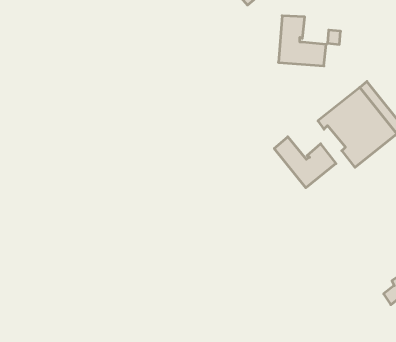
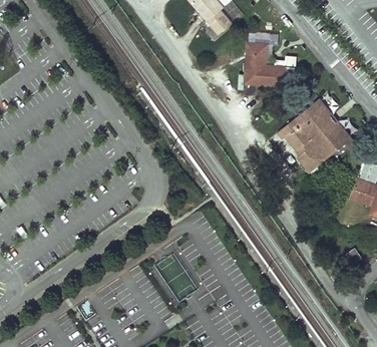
building: [274,137,336,188] -> none

